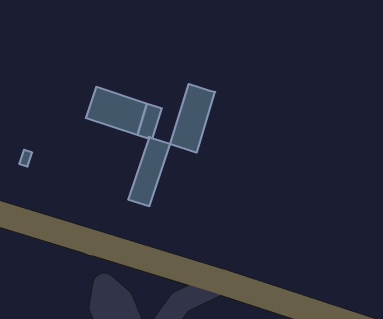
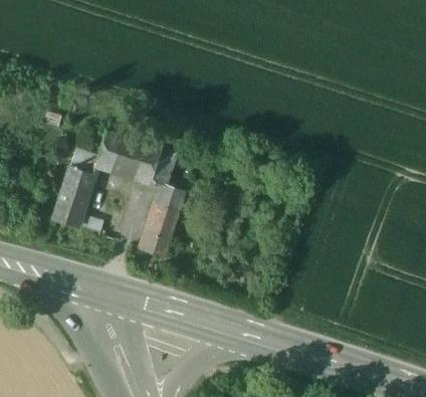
building: [170,84,215,153] -> none
building: none -> [52,169,92,230]

